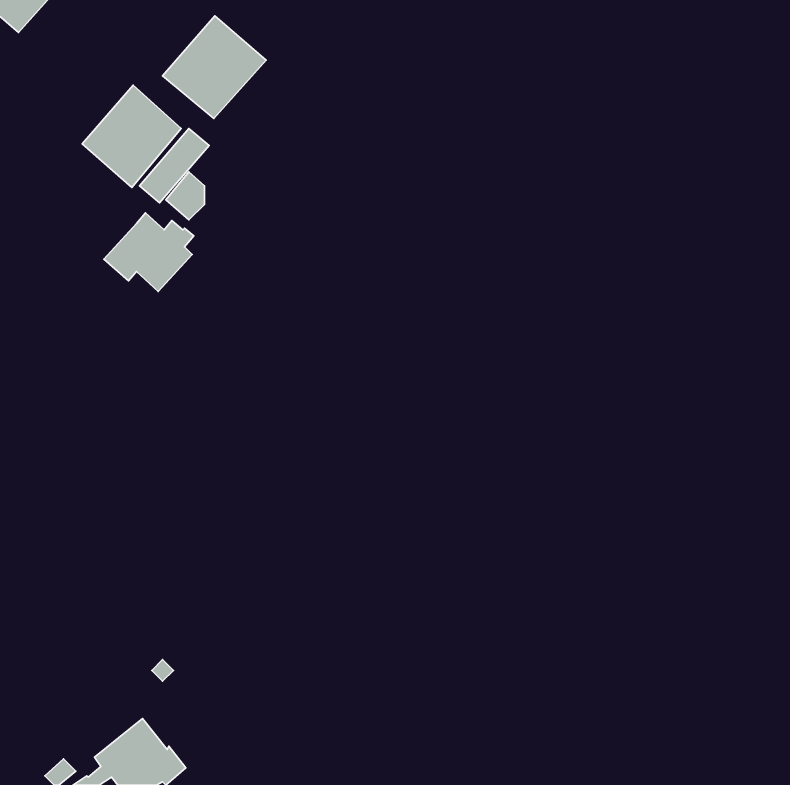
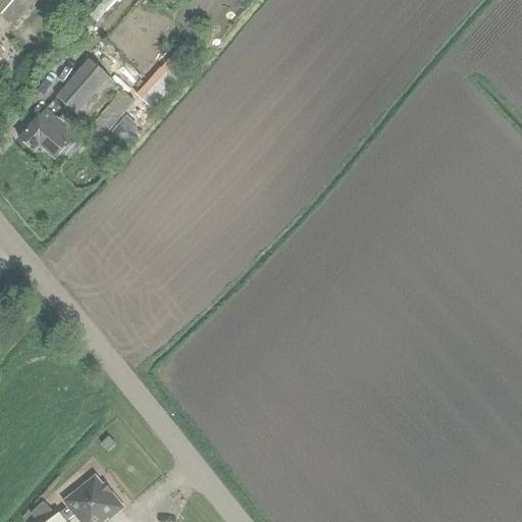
building: [163,16,266,118] -> none
building: [104,213,194,292] -> [17,106,76,158]

